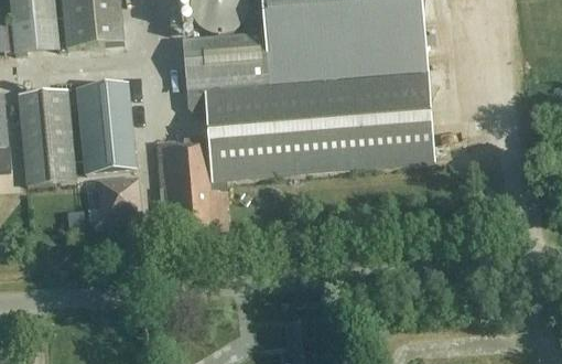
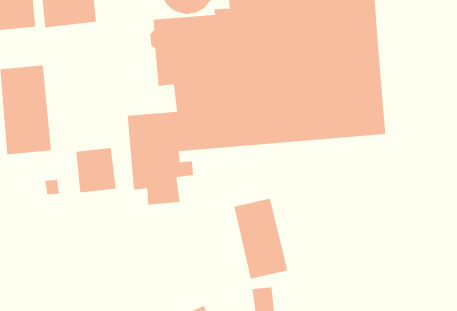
building: [77,83,137,174] -> none
building: none -> [234,198,288,279]

